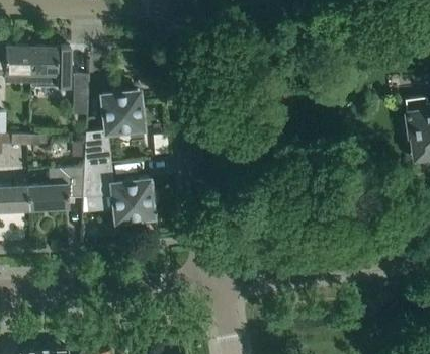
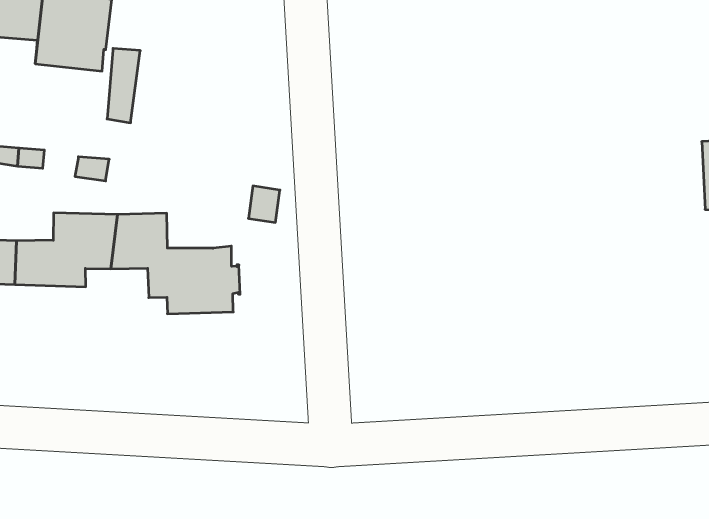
building: [84,86,143,167] -> none

